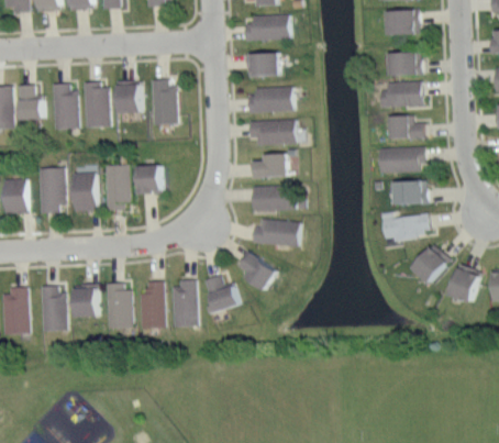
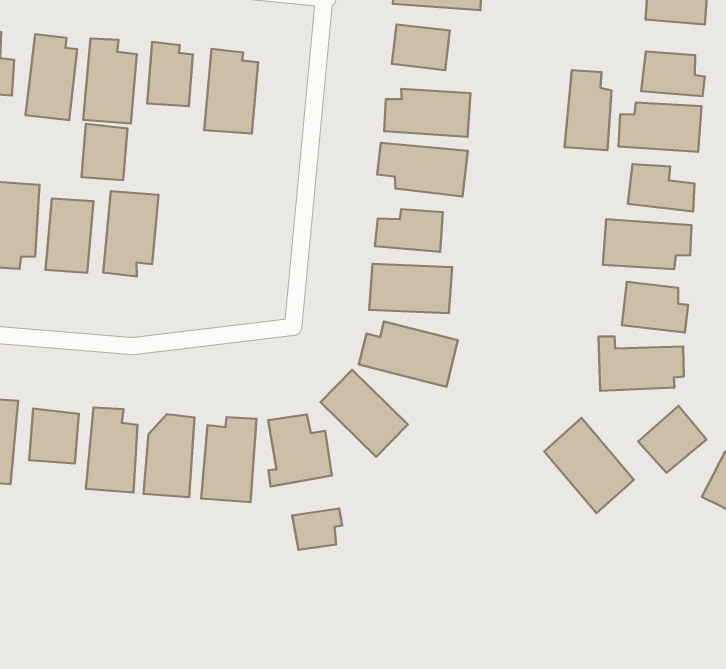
building: none -> [565,70,612,150]
building: [137,164,162,193] -> [82,124,127,180]
building: none -> [544,418,634,513]
building: none -> [292,508,342,550]

